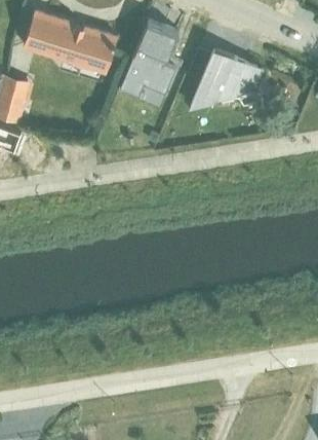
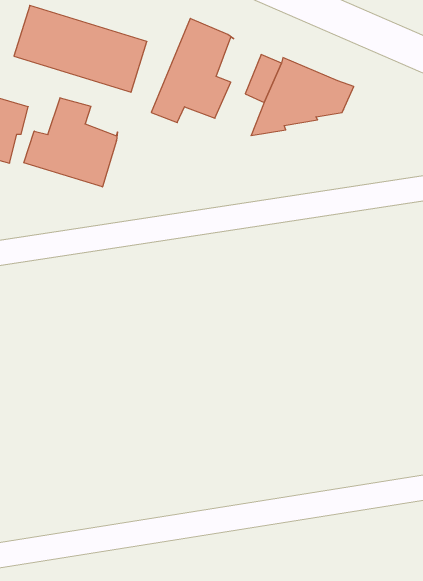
building: none -> [24,98,118,187]

